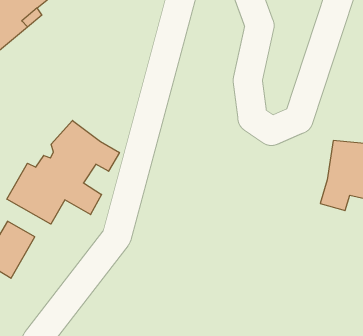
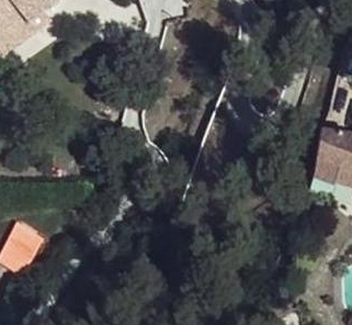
building: [7,120,119,224] -> none

